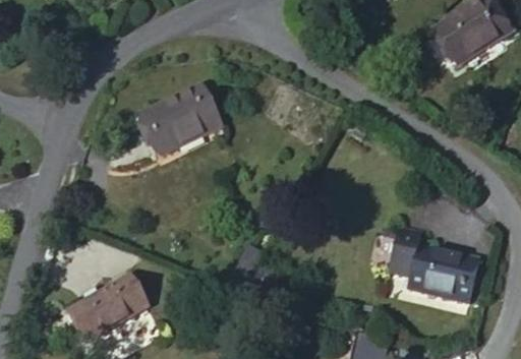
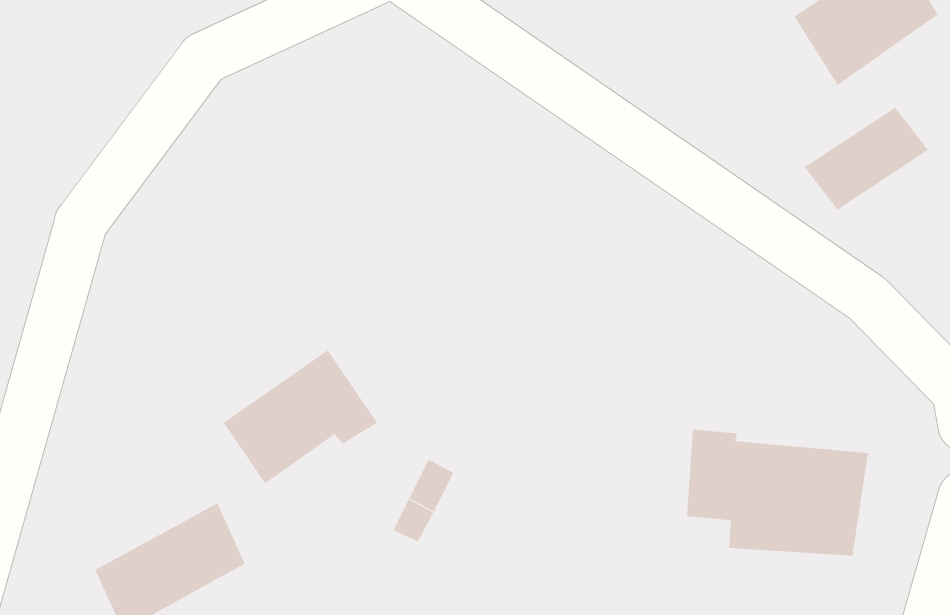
building: none -> [804,107,929,210]
building: [153,85,232,155] -> [223,349,378,484]

